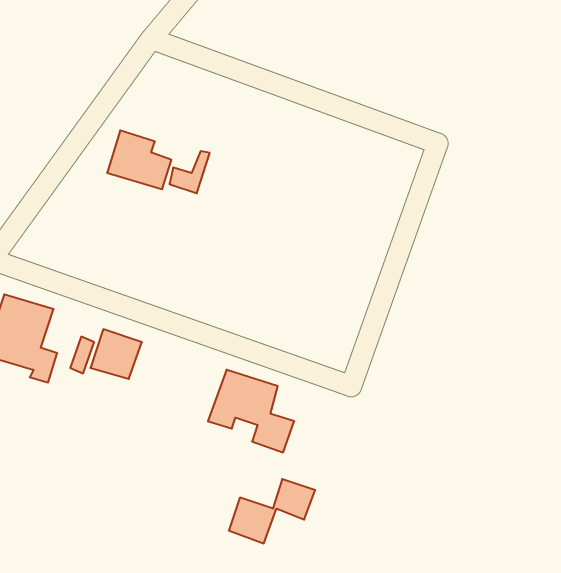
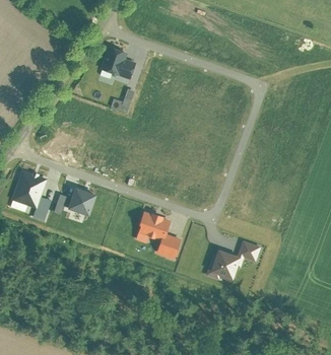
building: [107,130,171,189] -> [100,48,135,80]
building: [229,479,315,543] -> [212,241,260,277]

